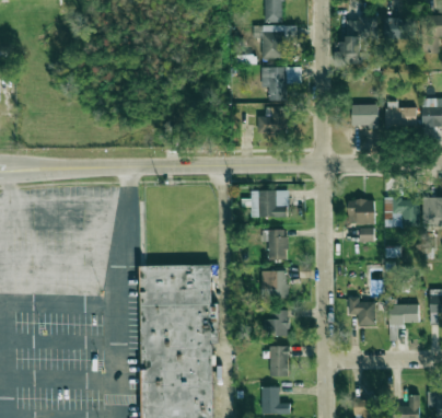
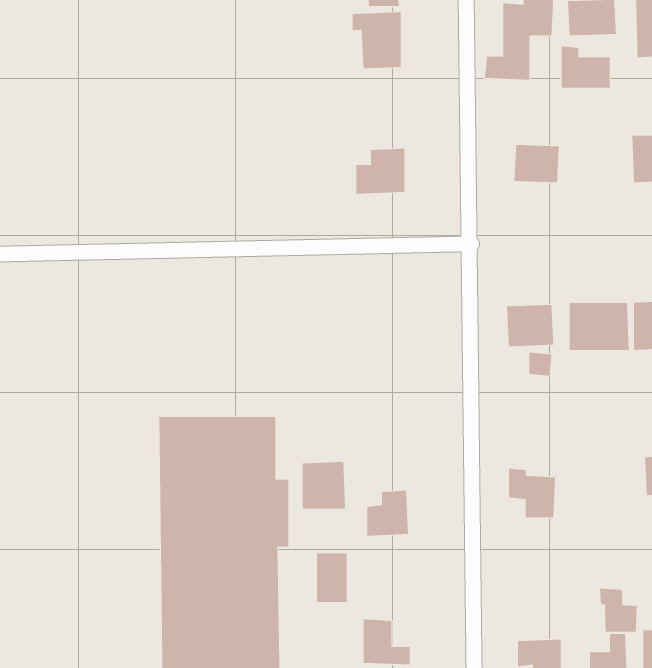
building: [260,67,301,101] -> none
building: [386,101,416,126] -> [561,46,610,88]
building: [252,190,288,217] -> none
building: [261,230,288,259] -> none
building: [261,270,288,299] -> [302,461,346,509]
building: [388,305,419,324] -> none
building: [270,346,289,375] -> [316,553,347,603]
building: none -> [600,588,637,633]

